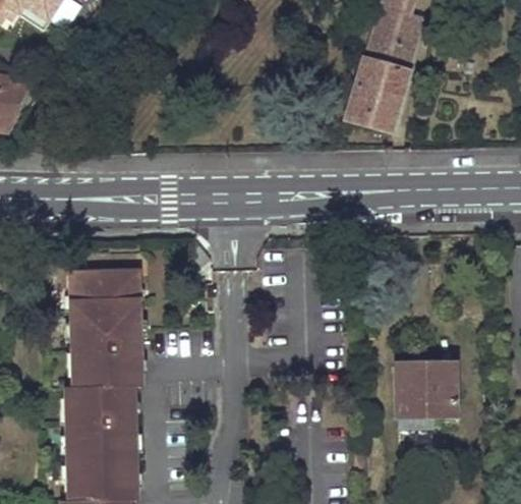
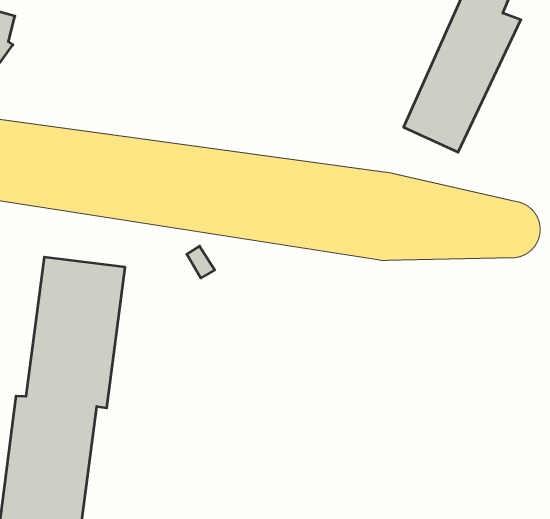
building: [399,369,454,416] -> none

